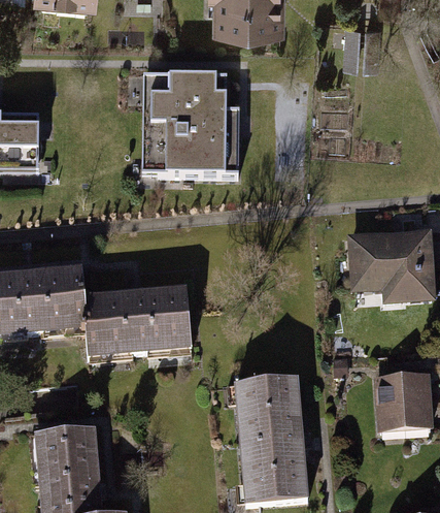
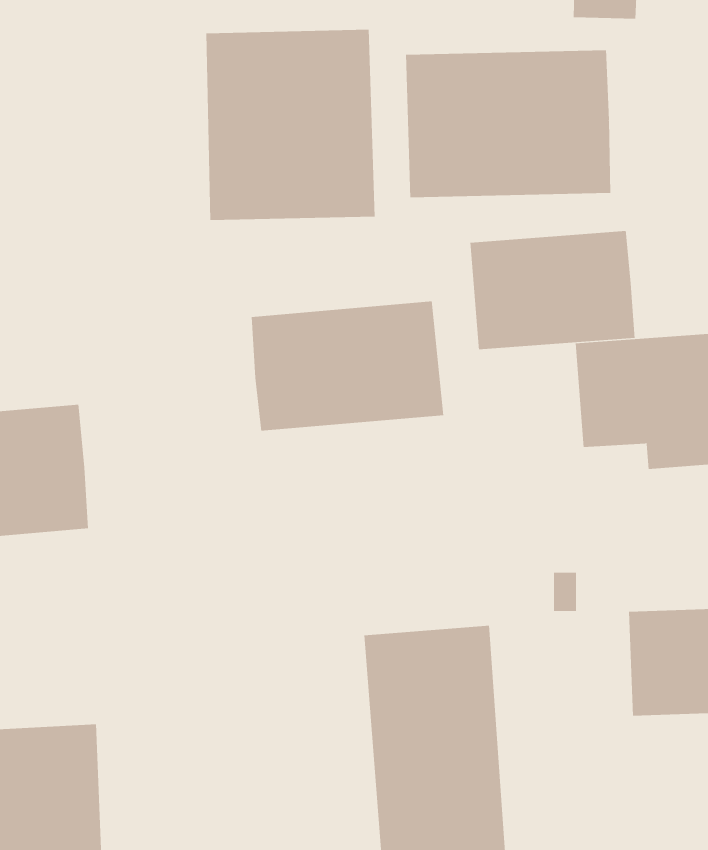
building: none -> [405,49,611,198]
building: none -> [470,230,635,350]
building: [89,290,190,358] -> [251,301,444,431]

